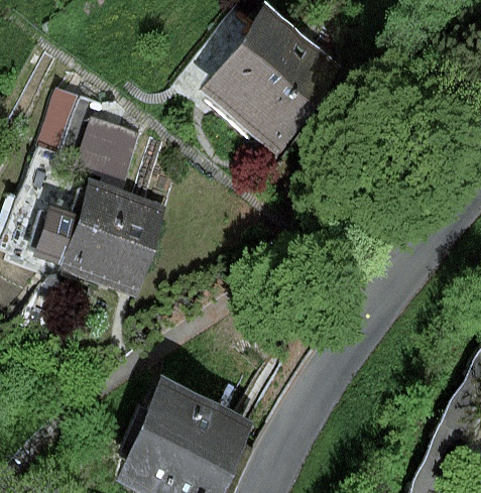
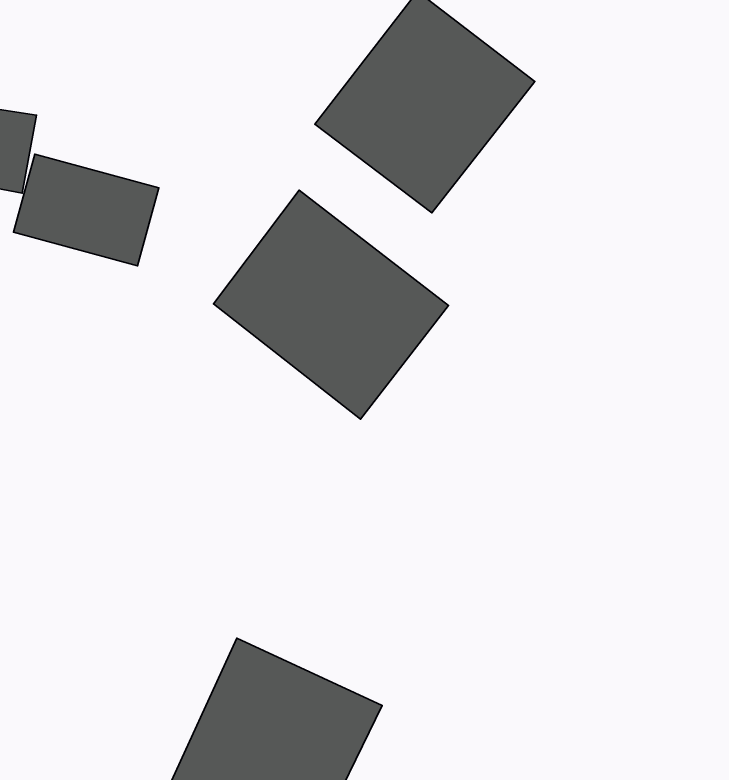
building: none -> [213,190,448,419]
building: [39,183,160,287] -> none

